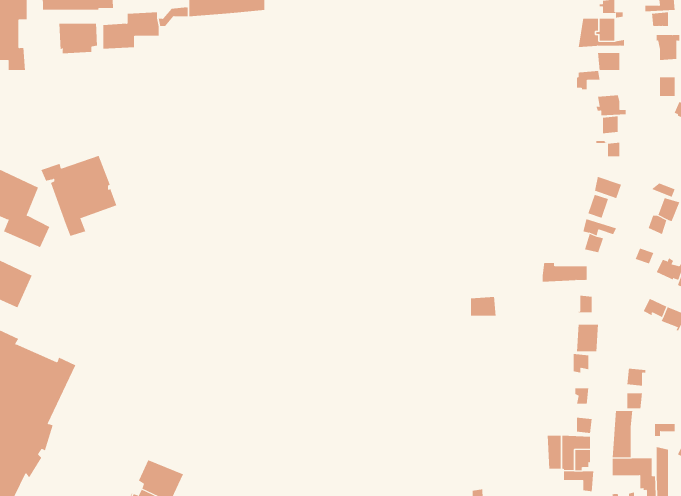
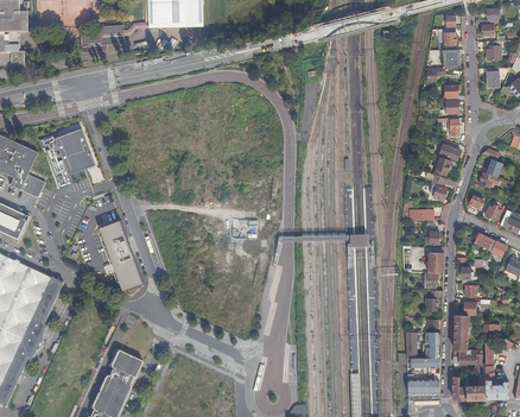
building: [59,23,98,54] -> none
building: none -> [100,220,141,290]

